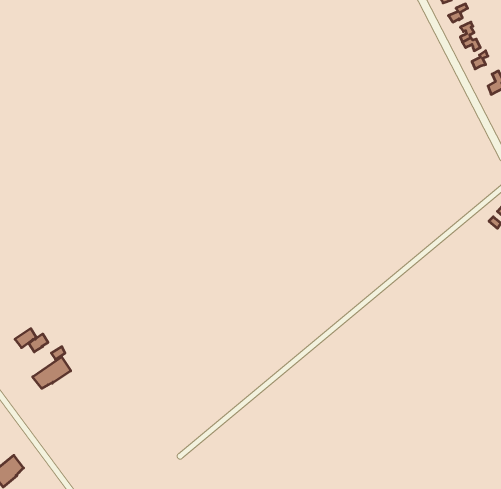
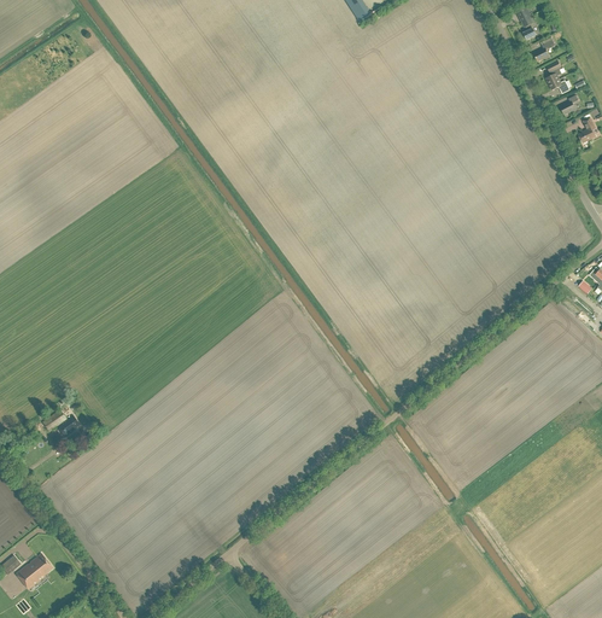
building: [33,357,71,388] -> none

